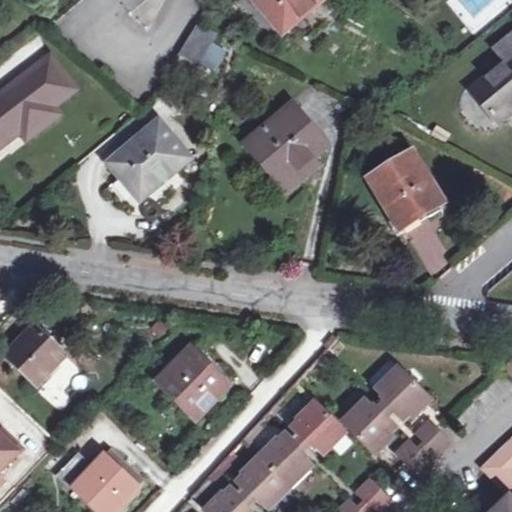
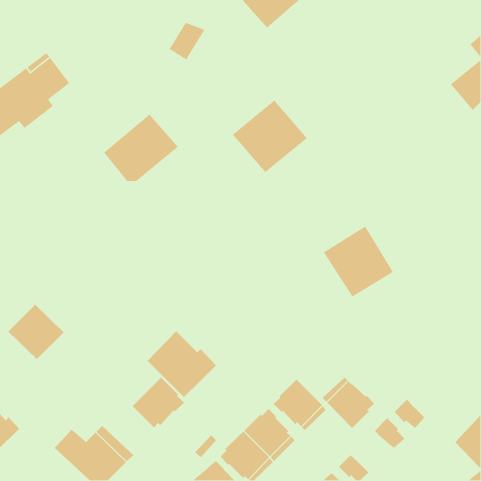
building: [368,151,443,227] -> [323,226,394,298]
building: [369,363,429,422] -> none
building: none -> [132,377,185,428]

